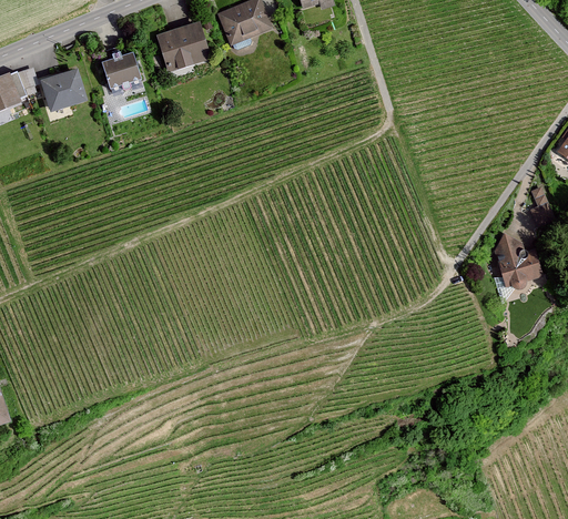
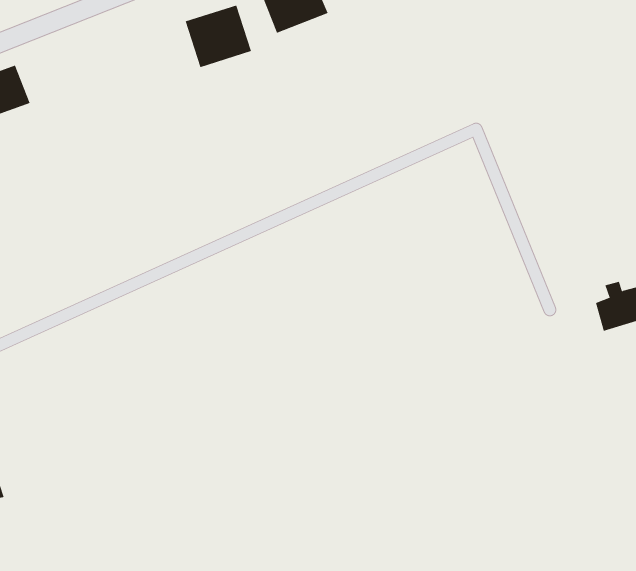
building: [103,52,141,86] -> none
building: [42,68,89,111] -> none

